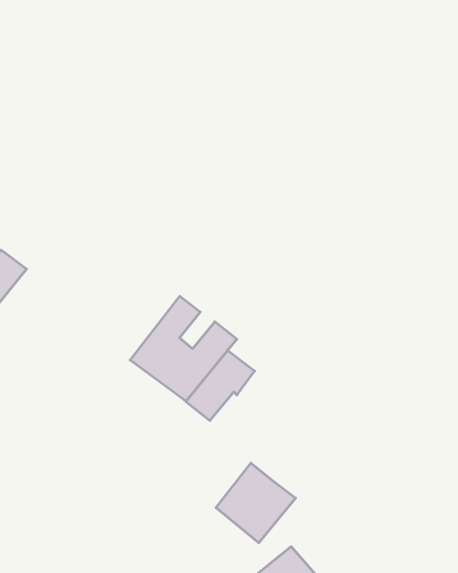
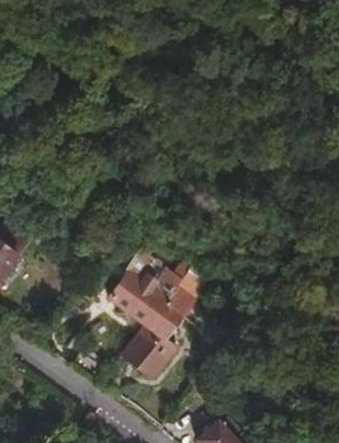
building: [216,463,296,543] -> [124,322,179,377]

